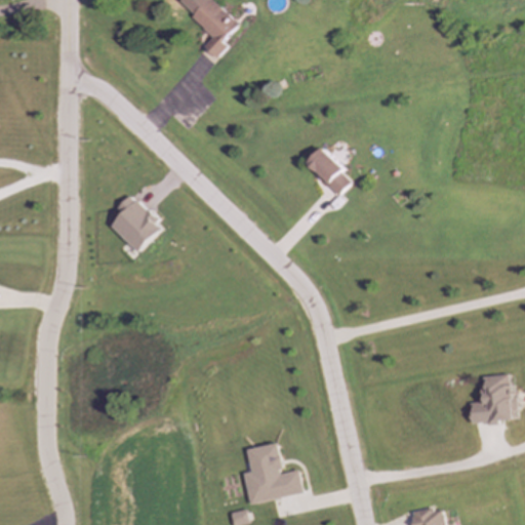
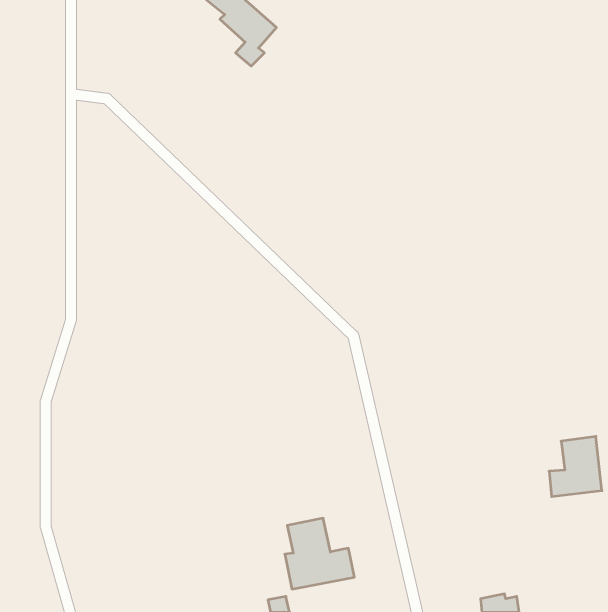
building: [305,147,349,195] -> none
building: [109,194,161,251] -> none

